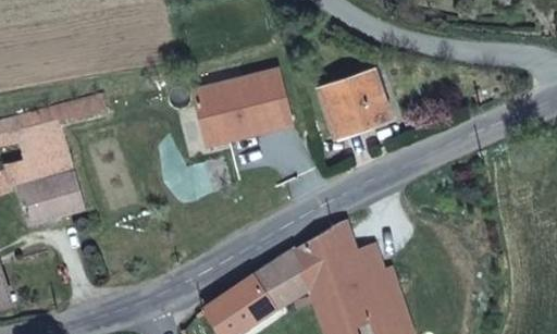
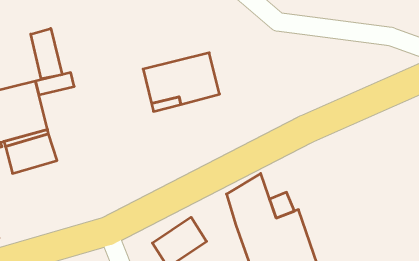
building: none -> [31,28,62,79]
building: [318,71,388,136] -> none
building: [253,248,310,308] -> none

